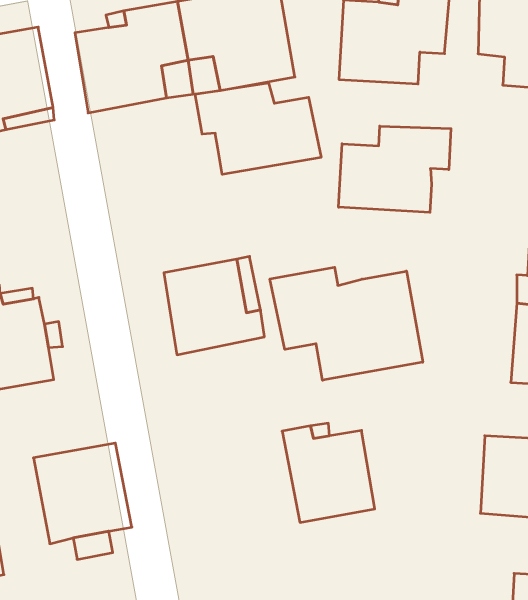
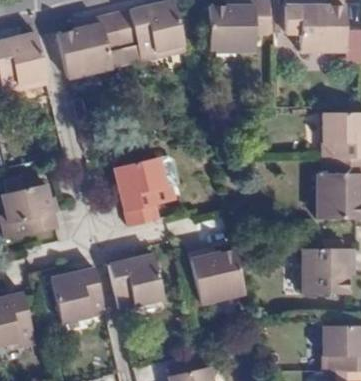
building: [195,83,321,174] -> none
building: [339,126,451,212] -> none
building: [270,267,423,380] -> none
building: none -> [110,254,164,309]

